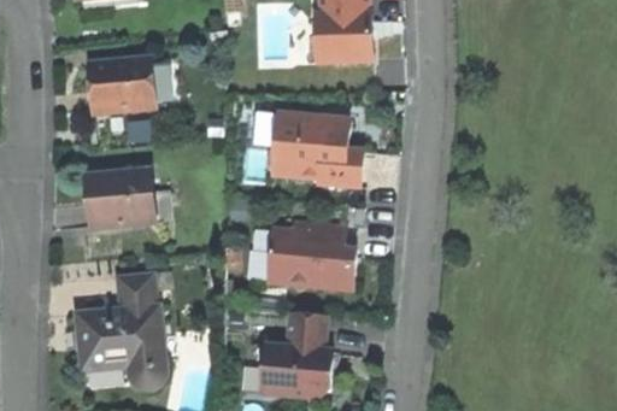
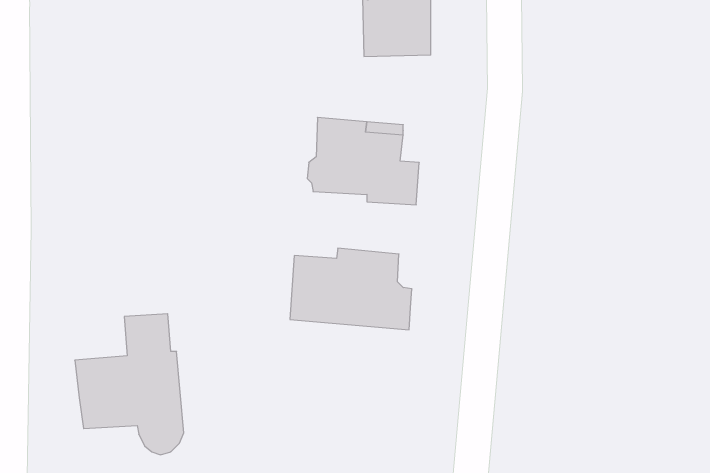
building: [88,59,152,113] -> none
building: [84,170,154,227] -> none
building: [264,311,330,395] -> none

